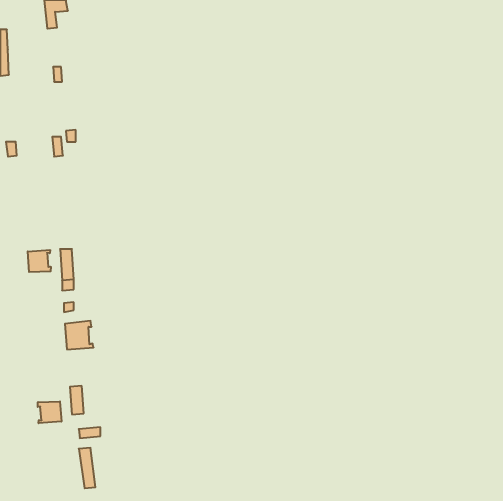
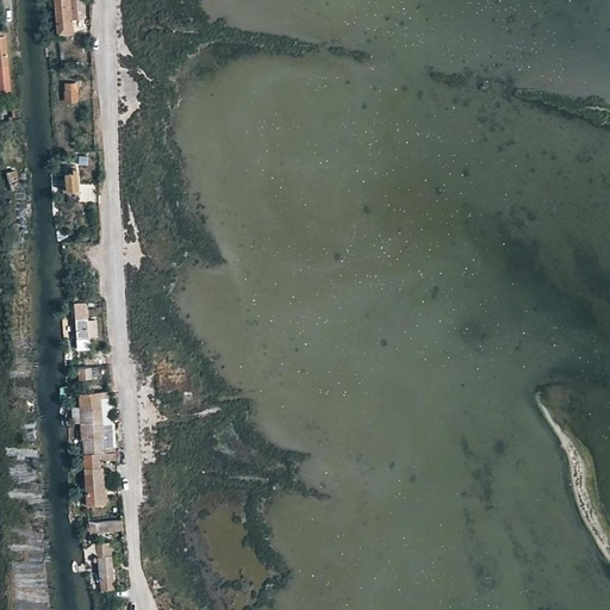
building: [28,250,51,272] -> none
building: none -> [81,423,116,454]
building: [38,401,61,423] -> none

